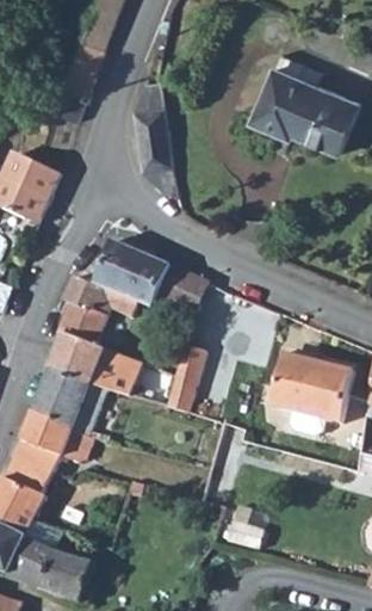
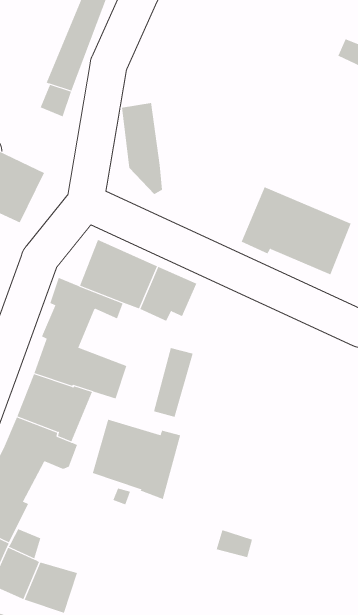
building: [250,66,358,152] -> [241,187,352,275]
building: [271,351,352,433] -> none
building: none -> [92,419,181,500]

